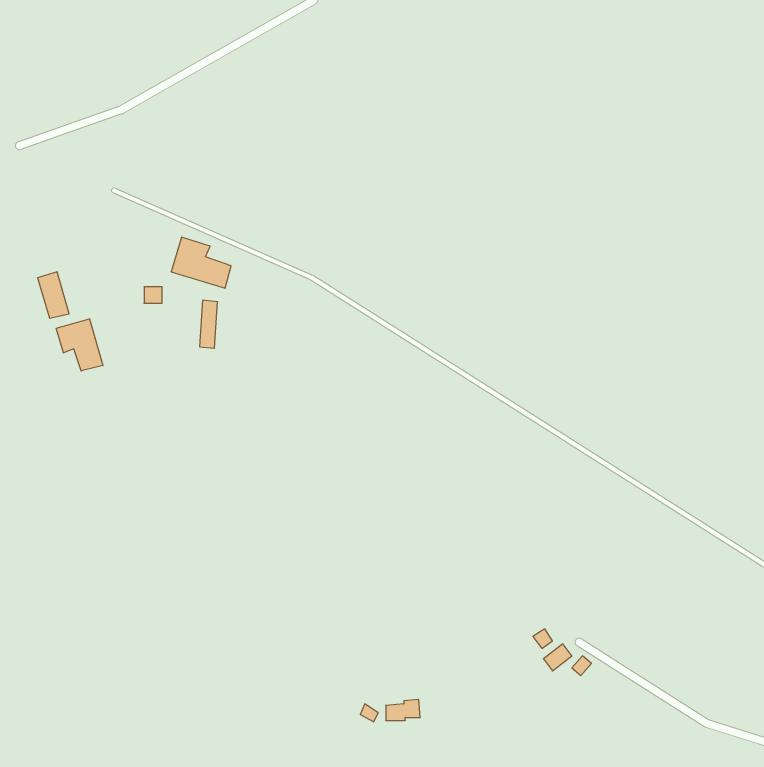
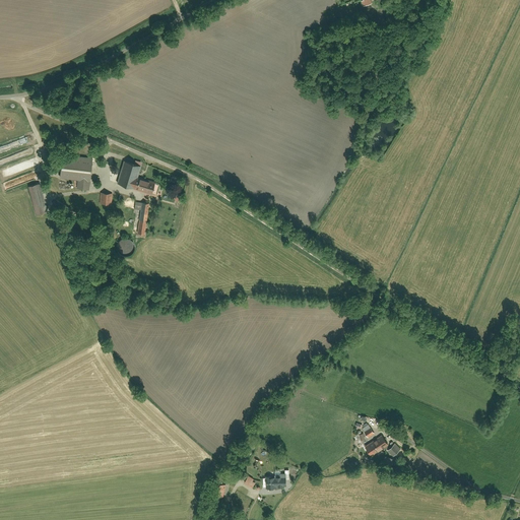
building: none -> [61,156,91,190]
building: [56,319,103,371] -> none

